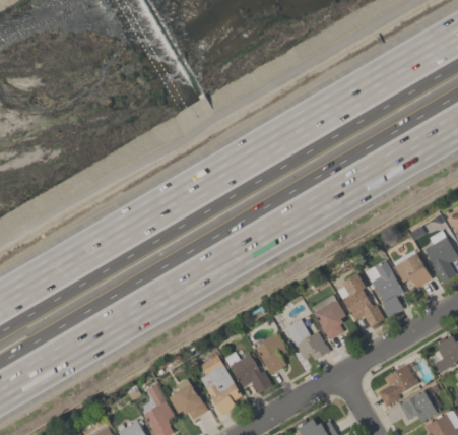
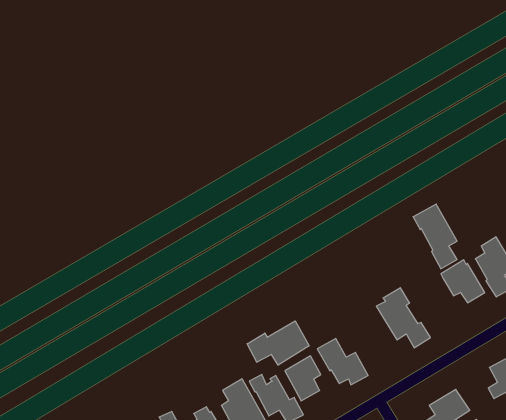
building: [365,260,403,317] -> [413,204,457,269]
building: [312,295,346,339] -> none
building: none -> [247,321,309,365]

